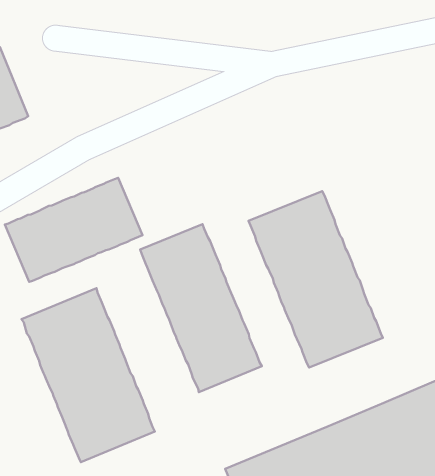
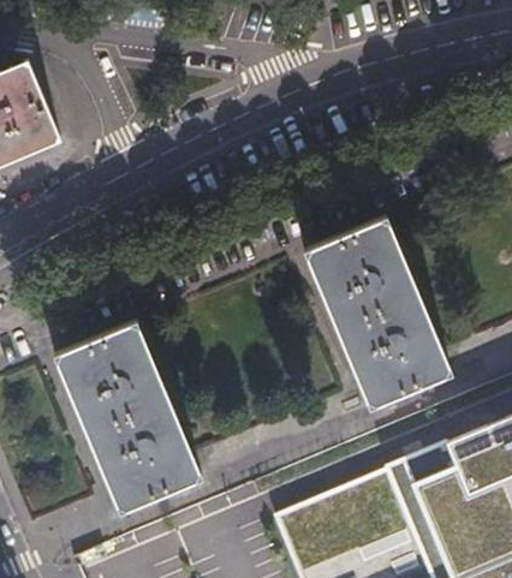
building: [5,178,143,282] -> none
building: [140,224,262,392] -> none

